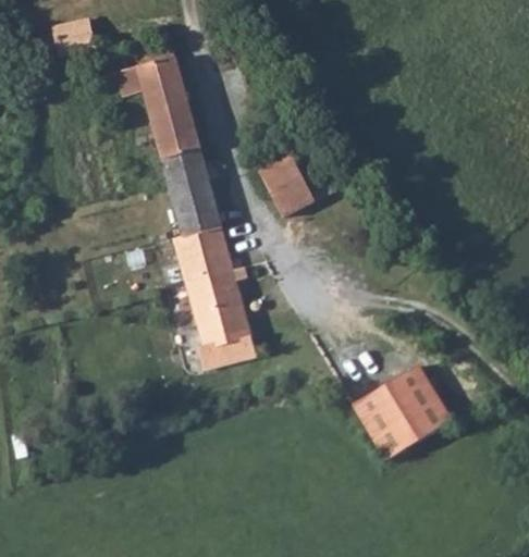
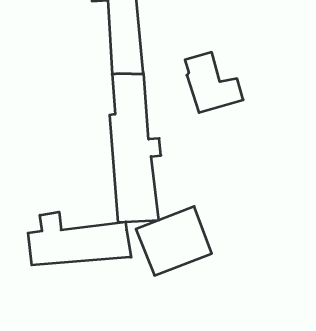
building: [352,364,451,458] -> [136,206,212,275]
building: none -> [28,212,131,265]

